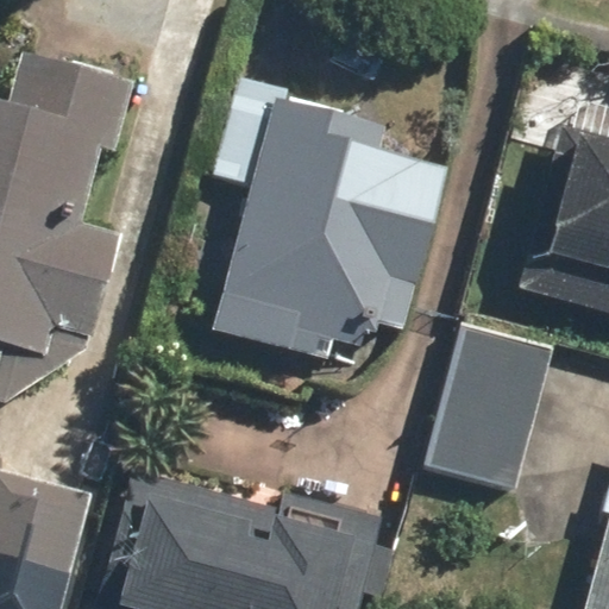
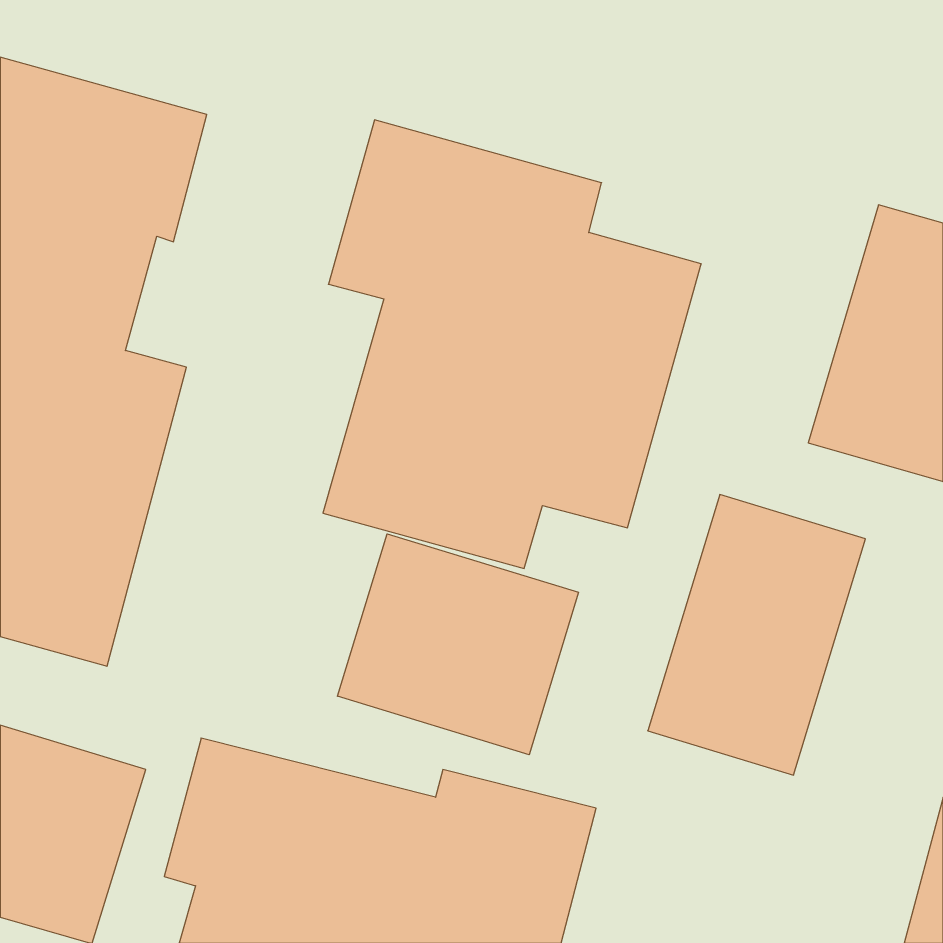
building: none -> [337,534,579,755]

